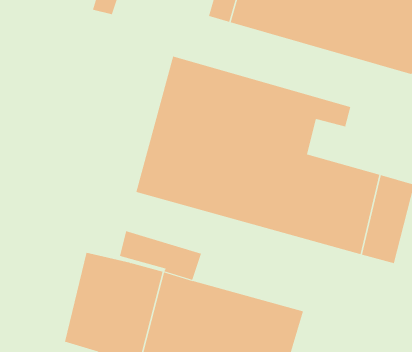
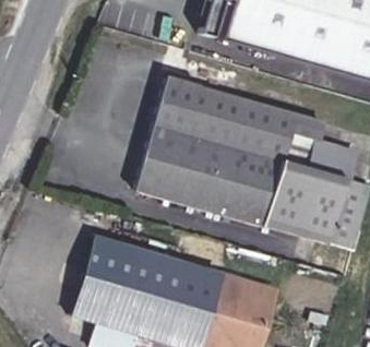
building: none -> [273,127,345,174]

